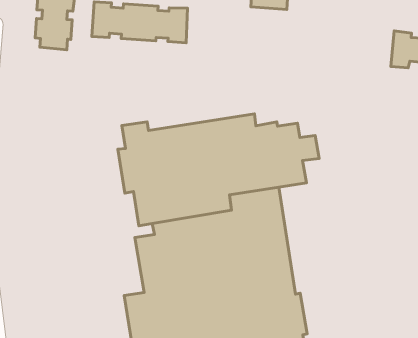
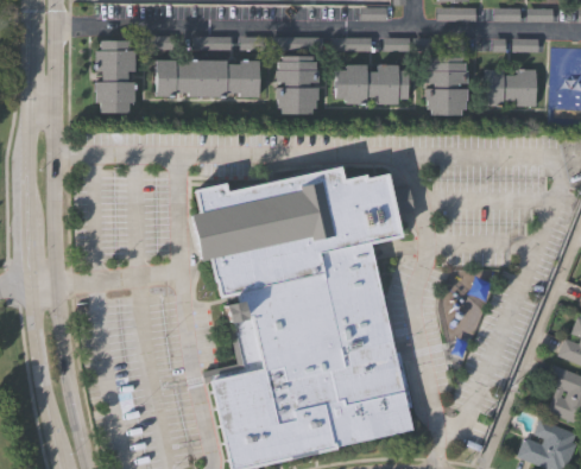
building: none -> [277,55,321,112]
building: none -> [427,55,469,113]
building: none -> [335,63,406,104]

